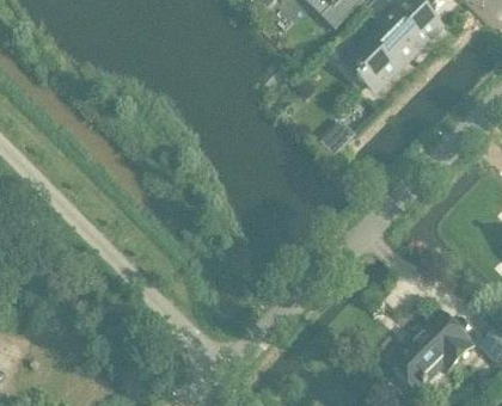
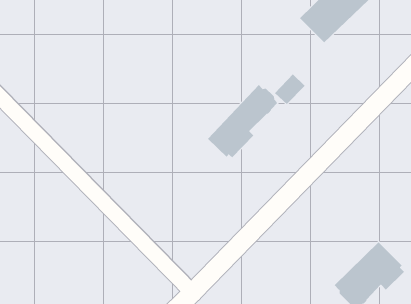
building: none -> [207,84,278,158]

